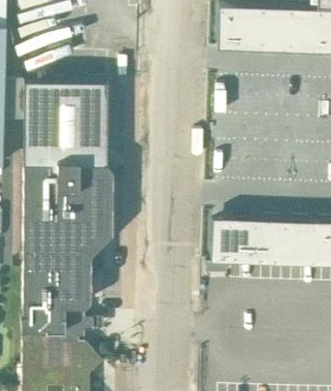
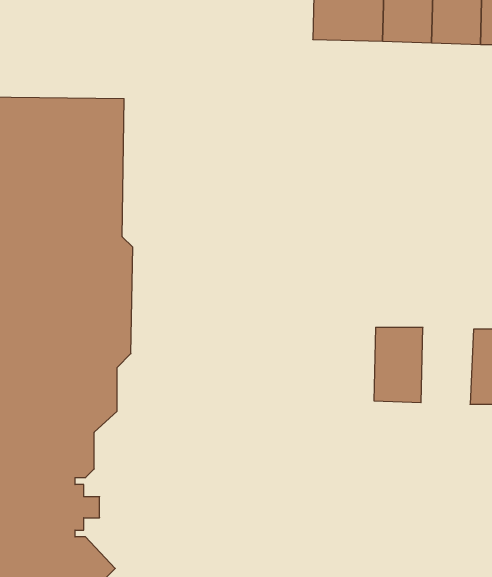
building: [213,217,256,261] -> none
building: [283,218,313,263] -> none

